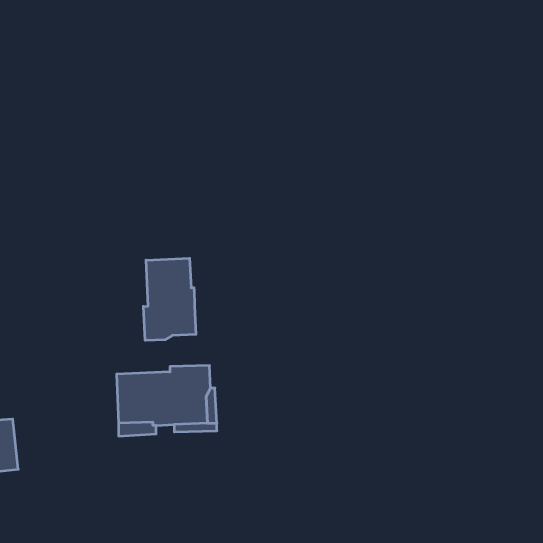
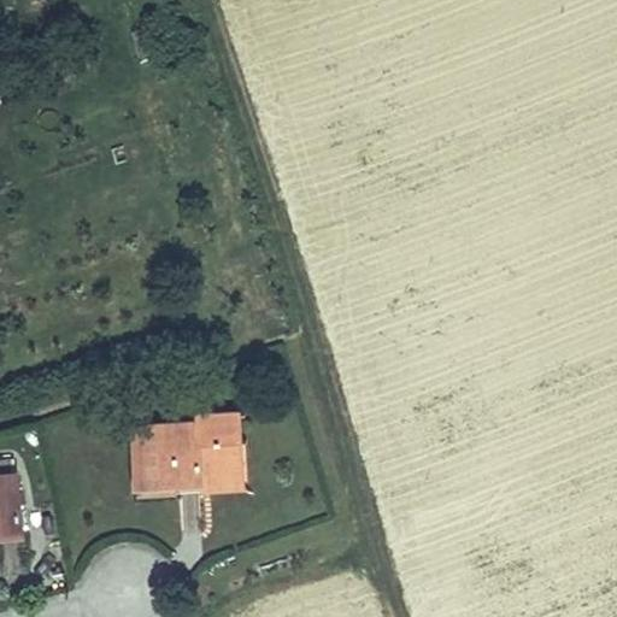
building: [143,258,196,340] -> none

